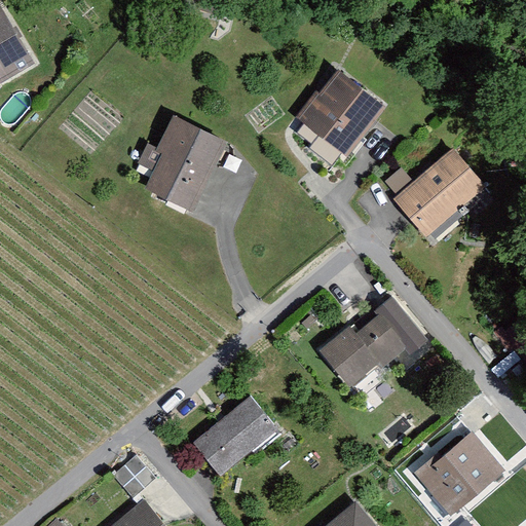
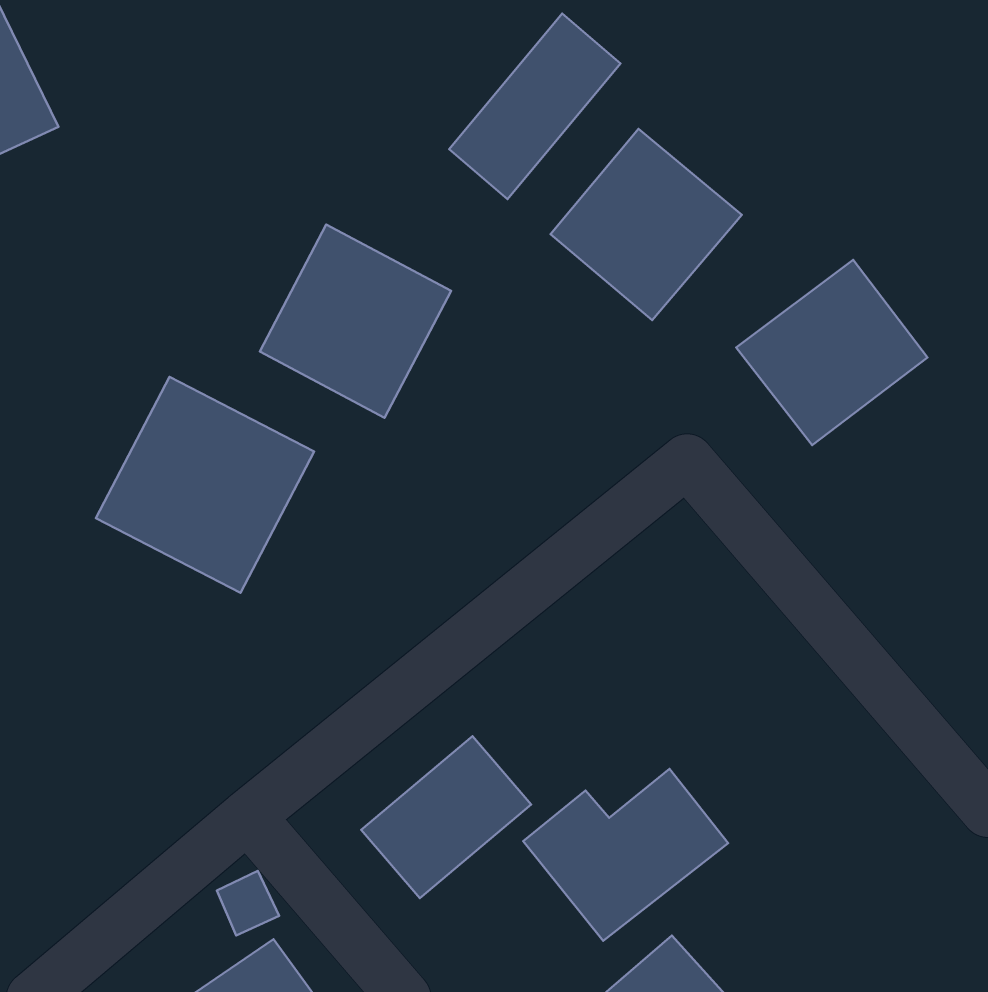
building: none -> [449,14,621,199]
building: none -> [96,377,314,593]
building: [313,303,421,393] -> [523,769,728,941]
building: [414,433,501,518] -> none

